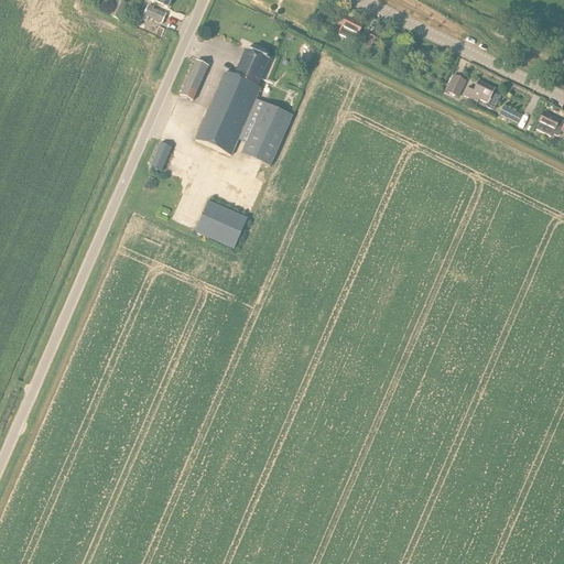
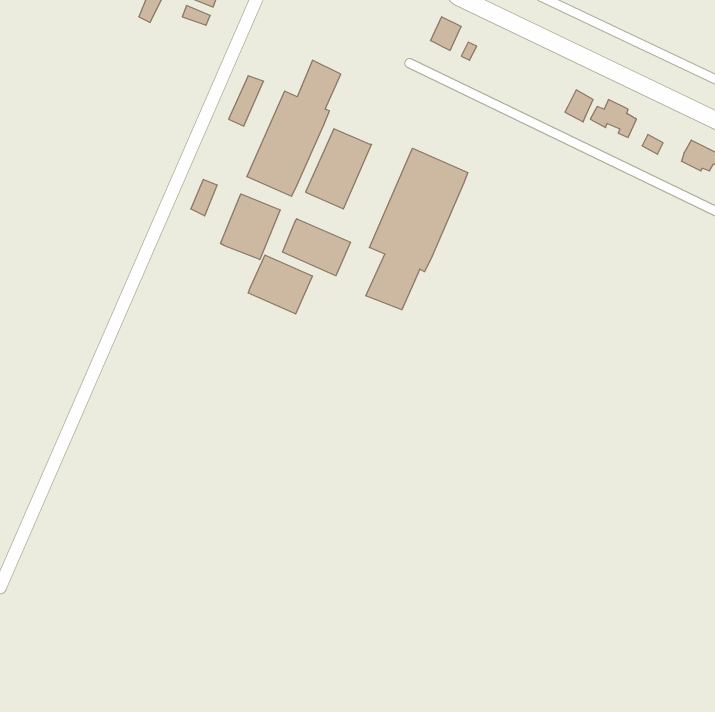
building: none -> [366,148,468,310]
building: none -> [221,194,280,260]
building: none -> [282,219,350,276]

